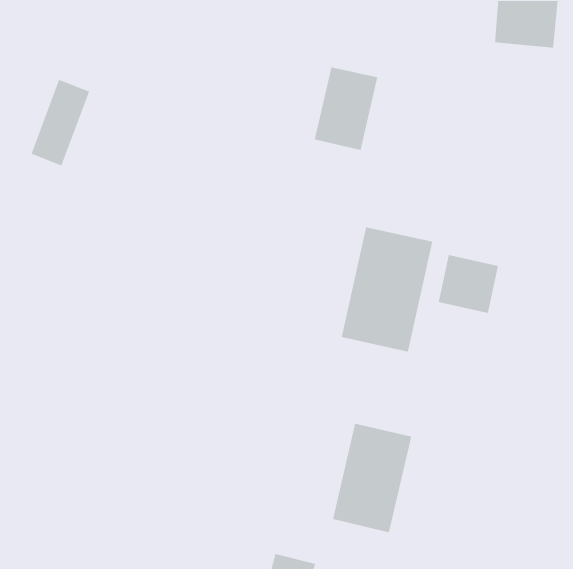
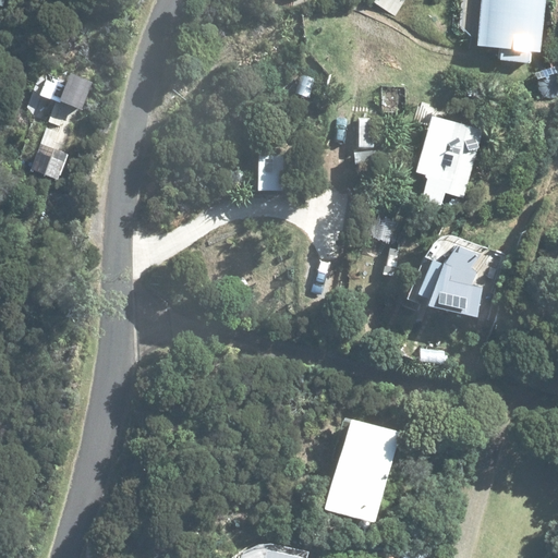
building: [314,67,378,151] -> [416,120,478,202]
building: [341,226,433,352] -> none

